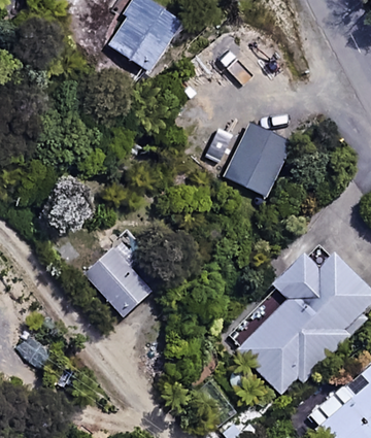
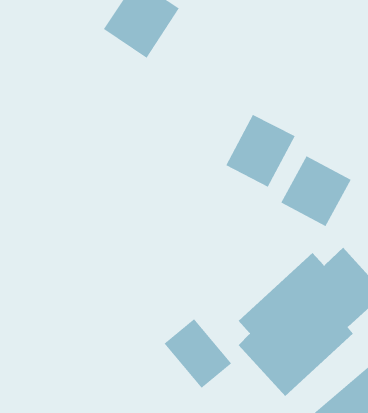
building: none -> [280,155,352,227]
building: [86,248,153,317] -> [164,318,232,389]

